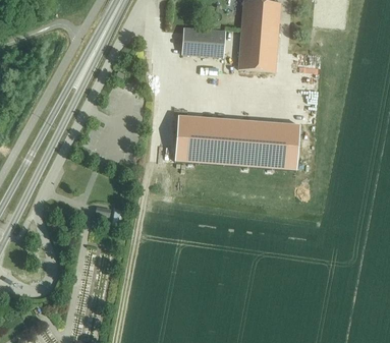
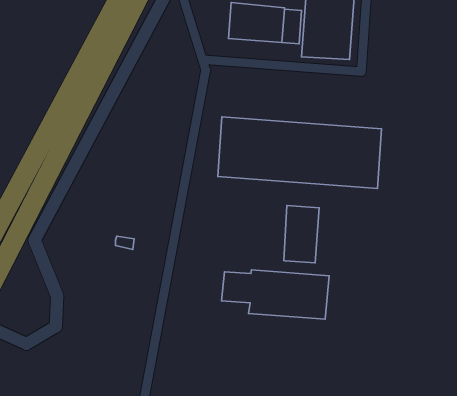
building: none -> [284,206,319,263]
building: none -> [221,270,329,319]

